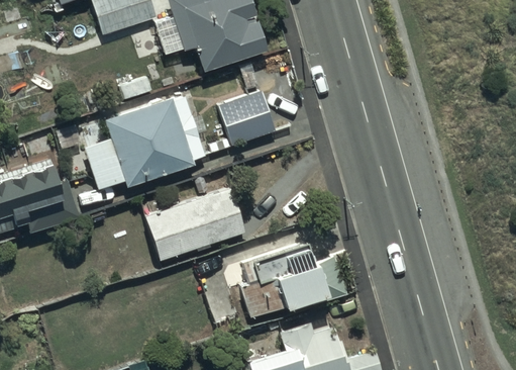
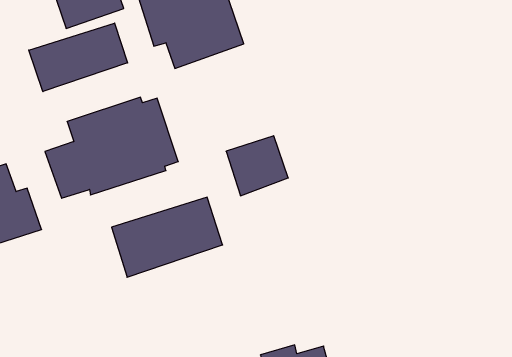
building: none -> [29,23,128,92]
building: [219,92,276,147] -> [226,136,288,196]
building: [240,250,349,319] -> none

